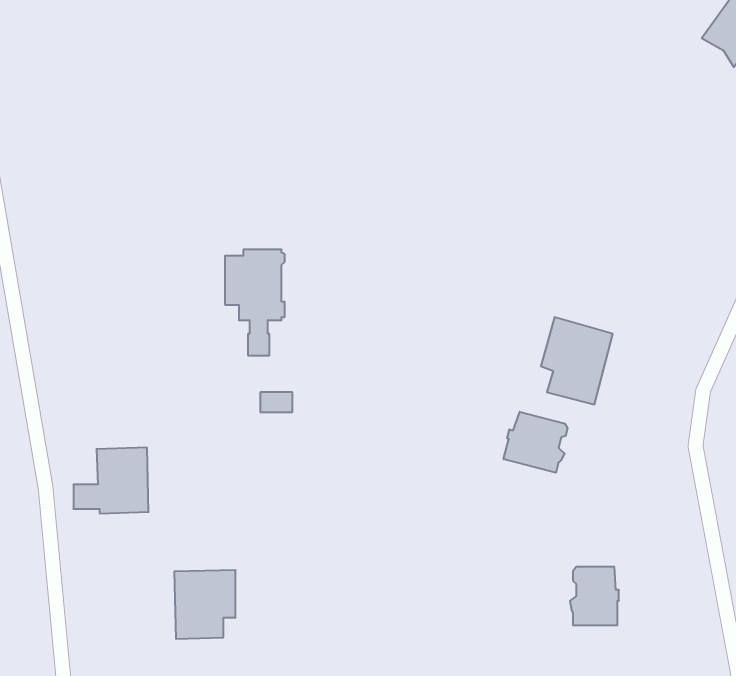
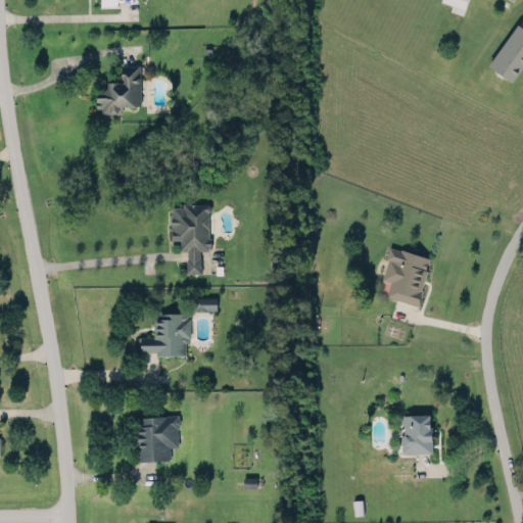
building: none -> [96,66,142,115]
building: [504,412,567,473] -> none
building: [73,448,149,513] -> [139,314,189,358]

